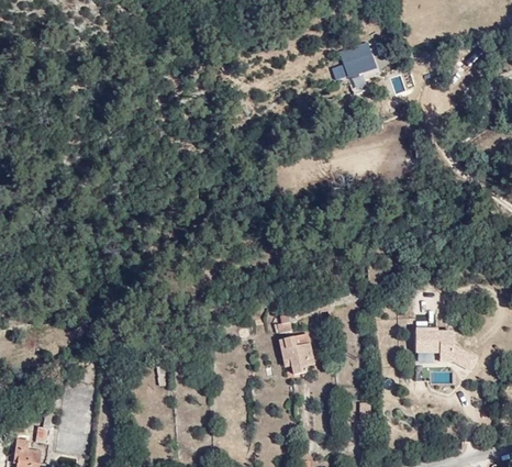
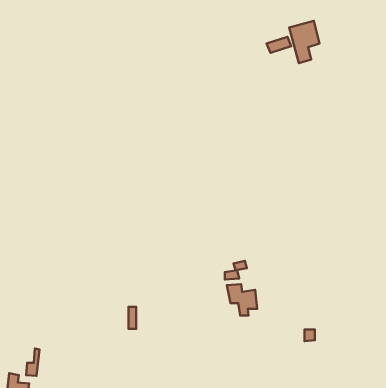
building: [415,327,454,362] -> none

